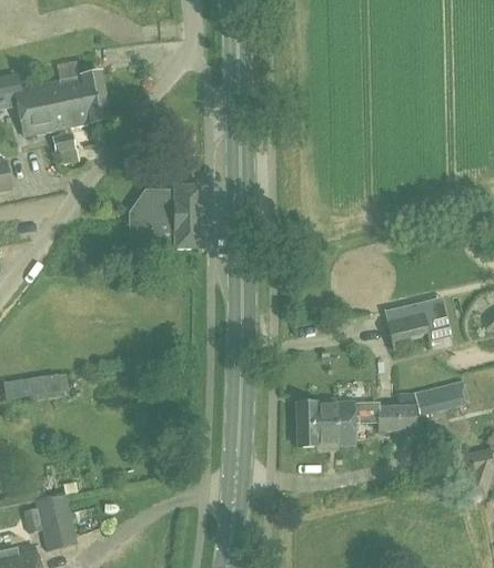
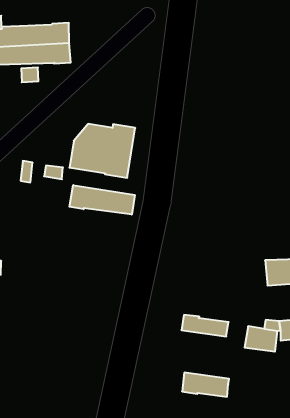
building: none -> [69,185,135,215]
building: [298,420,354,445] -> [182,373,229,397]

